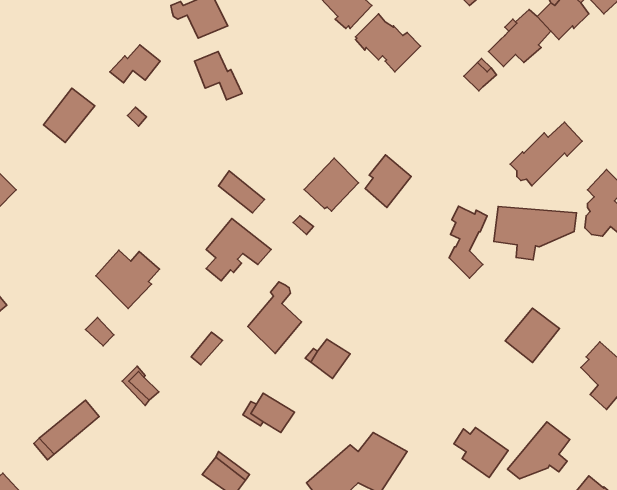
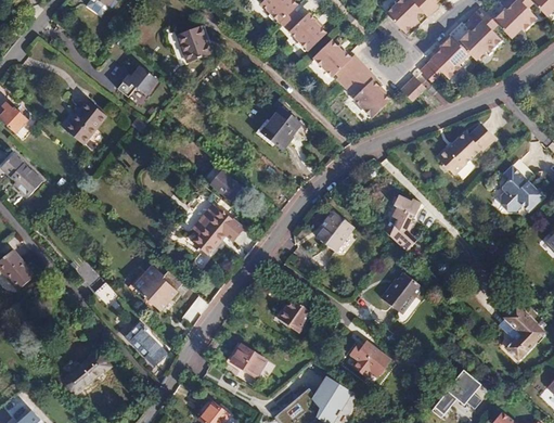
building: none -> [345,66,390,118]
building: [194,51,242,100] -> none
building: [365,155,411,208] -> [318,211,355,254]
building: [304,158,358,211] -> [255,102,298,144]
building: [494,206,576,260] -> none
building: [96,250,159,309] -> [133,266,184,312]
building: [248,282,302,354] -> none
building: [505,308,560,363] -> [382,269,425,312]
building: [454,427,508,478] -> [351,339,395,380]

